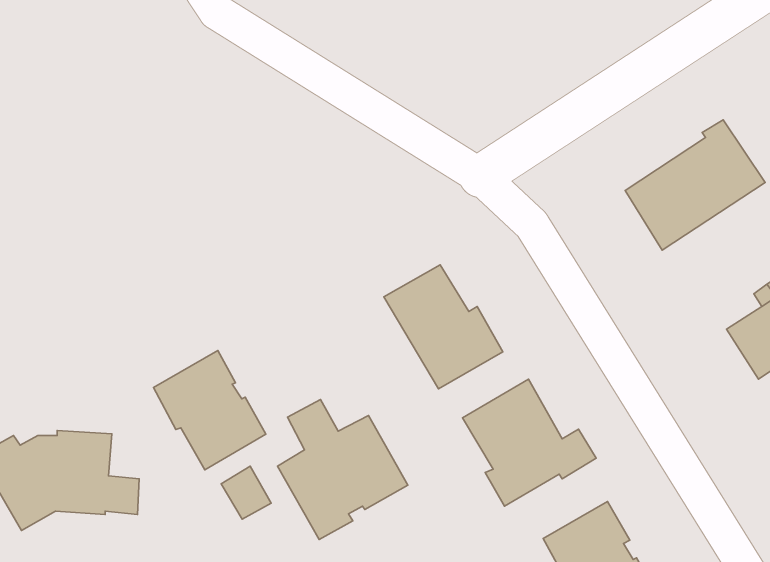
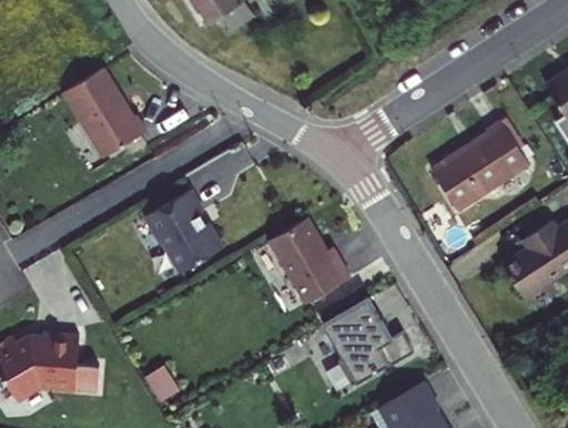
building: none -> [62,69,145,159]
building: [153,350,266,470] -> [145,192,223,274]
building: [278,400,408,539] -> none

